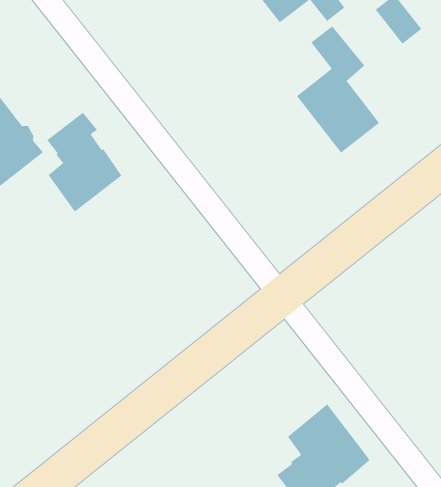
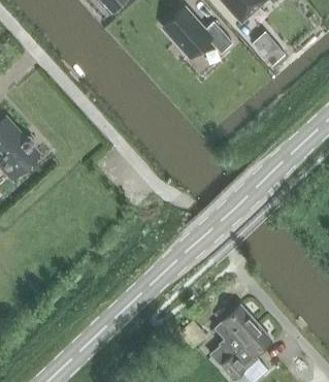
building: [296,26,380,153] -> none
building: [47,112,122,212] -> none

